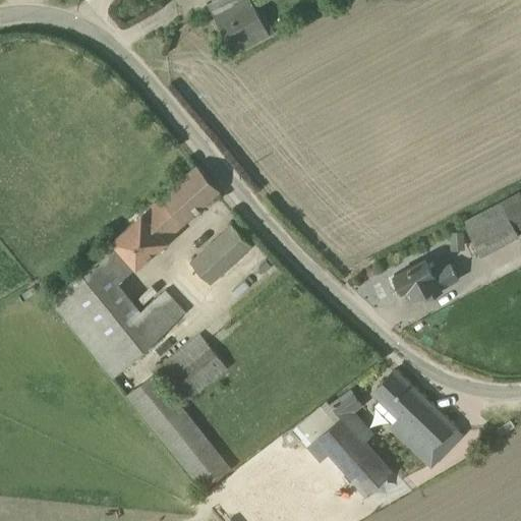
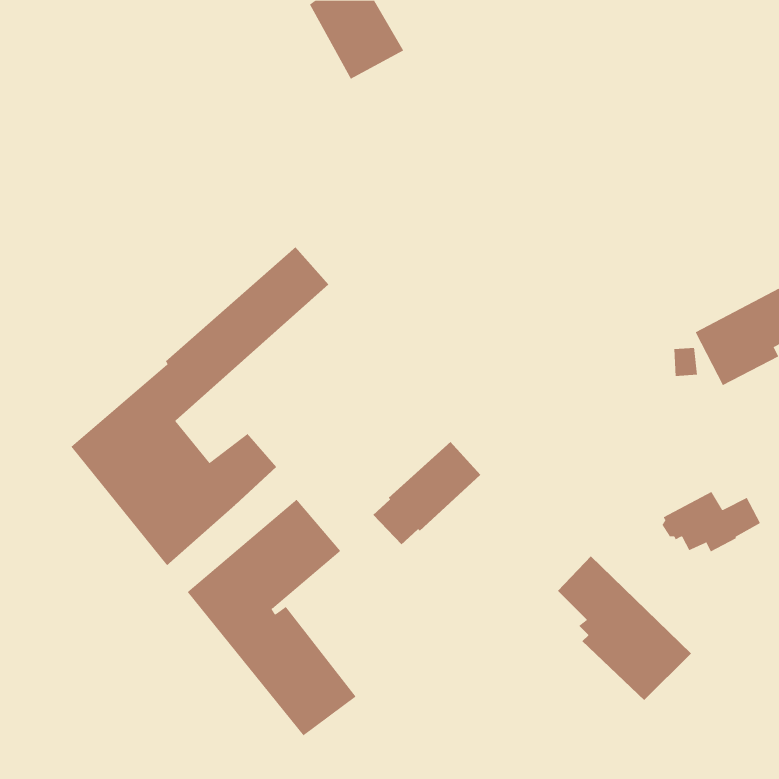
building: [180,225,252,294] -> [372,441,481,545]
building: [394,259,460,300] -> [661,491,761,552]
building: [315,389,394,497] -> none

